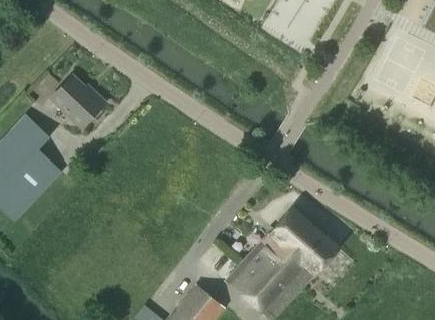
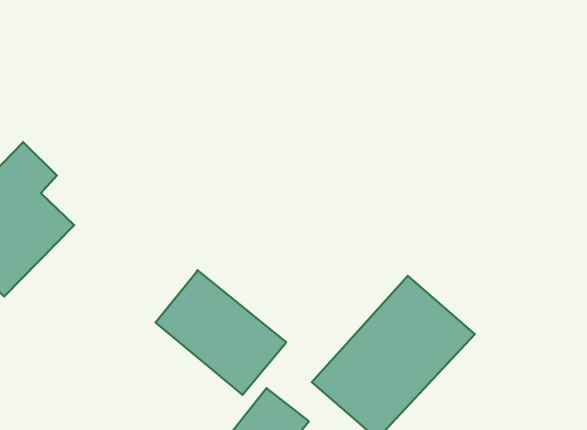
building: [52,74,107,127] -> none
building: none -> [156,270,286,395]

